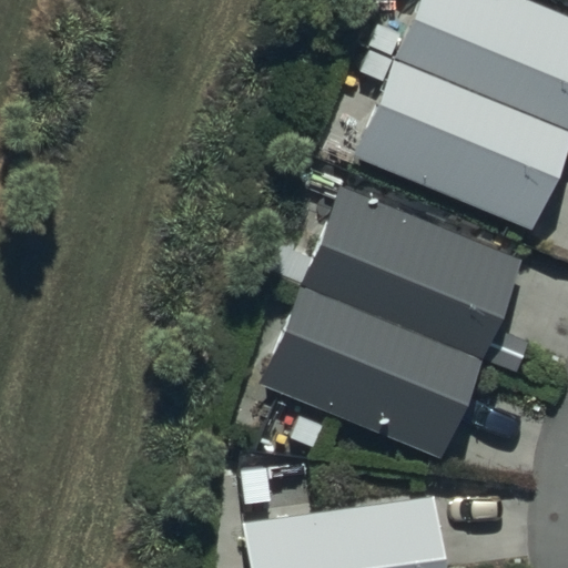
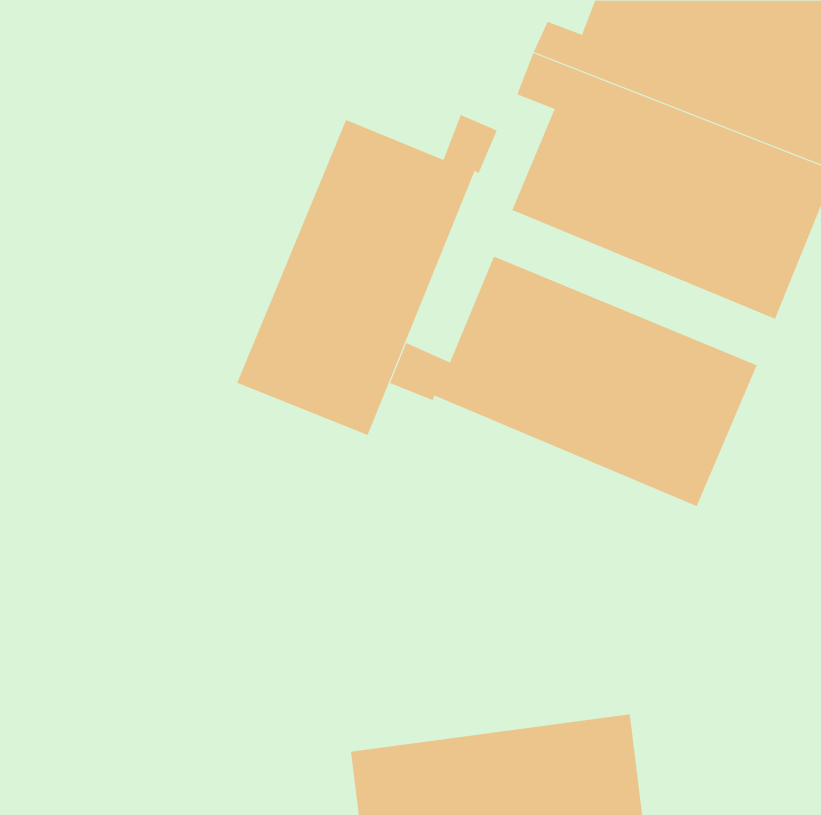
building: none -> [237,114,497,436]
building: [262,282,483,458] -> none

